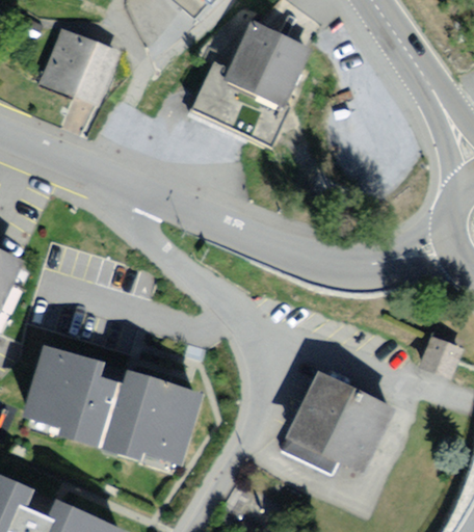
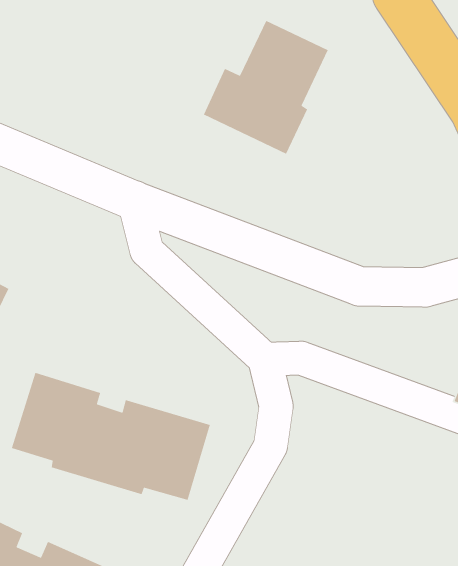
building: [36,28,123,113] -> none
building: [281,377,390,482] -> none

